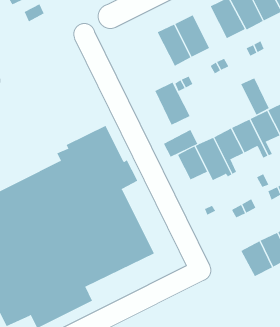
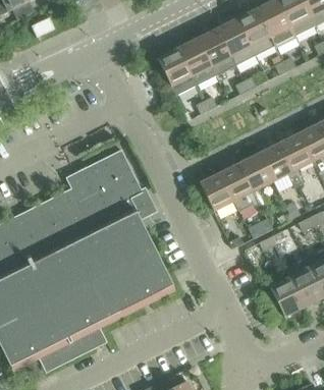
building: none -> [217,19,254,65]
building: [240,77,270,116] -> none
building: [154,82,191,125] -> [157,48,197,96]
building: [163,129,198,158] -> none

